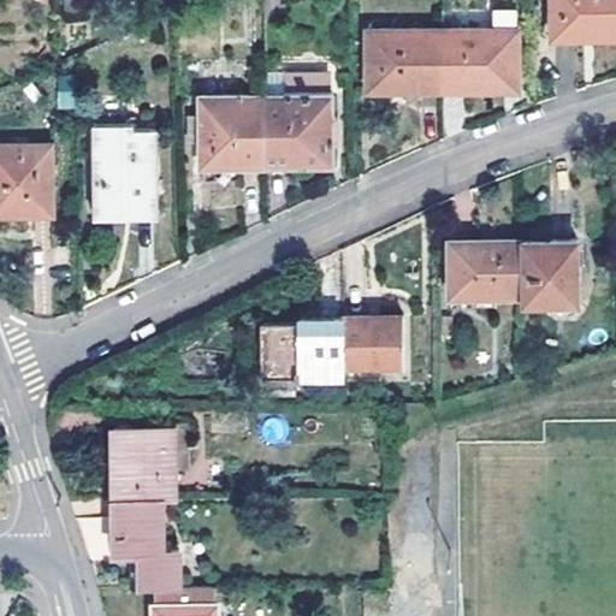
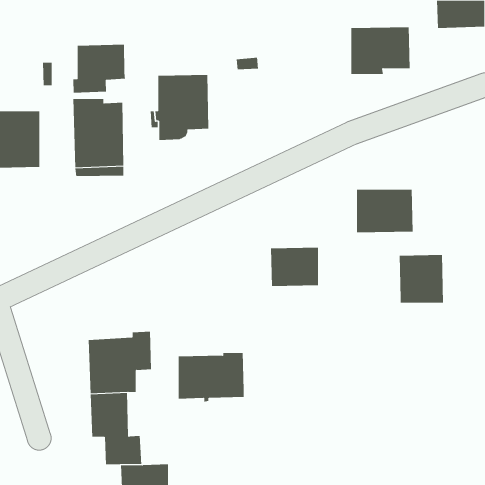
building: [366,38,442,99] -> none
building: none -> [73,44,125,93]
building: [262,96,332,166] -> none
building: [520,241,576,302] -> [399,255,444,303]
building: [257,316,342,379] -> [178,352,245,402]

